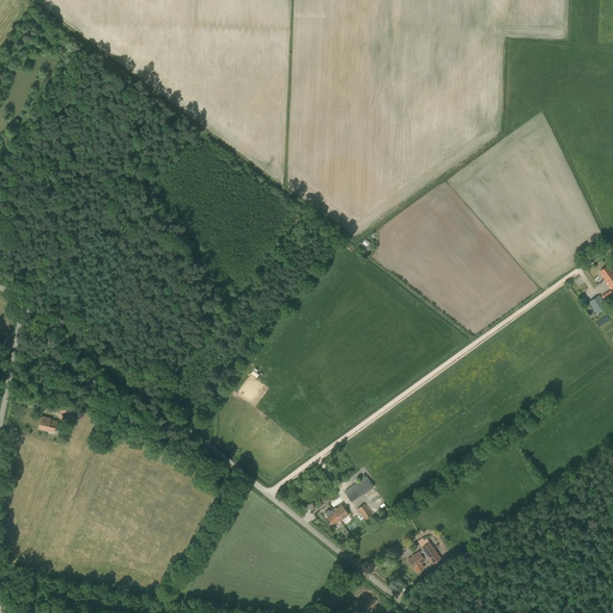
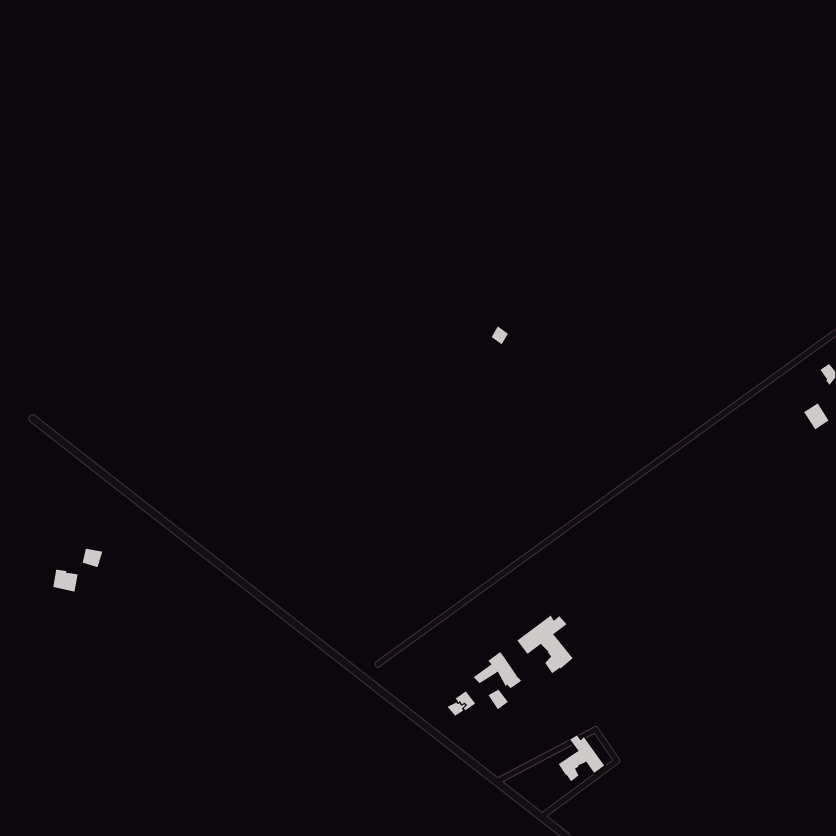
building: none -> [517,614,573,674]

